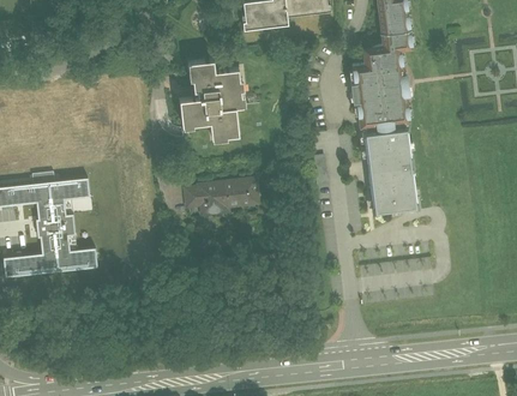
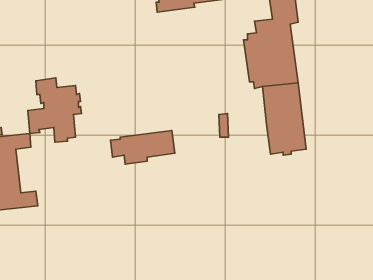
building: [180,62,245,140] -> [28,78,82,142]

